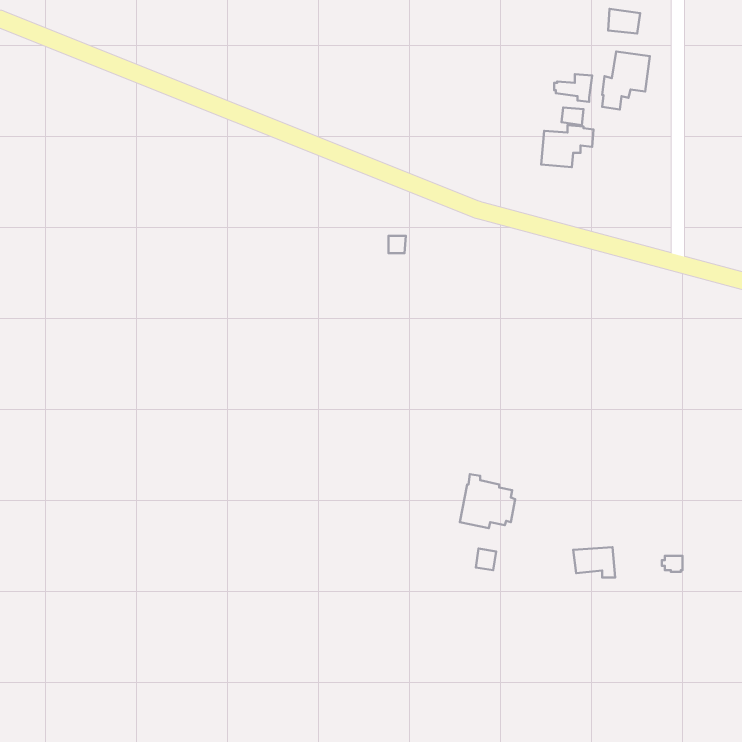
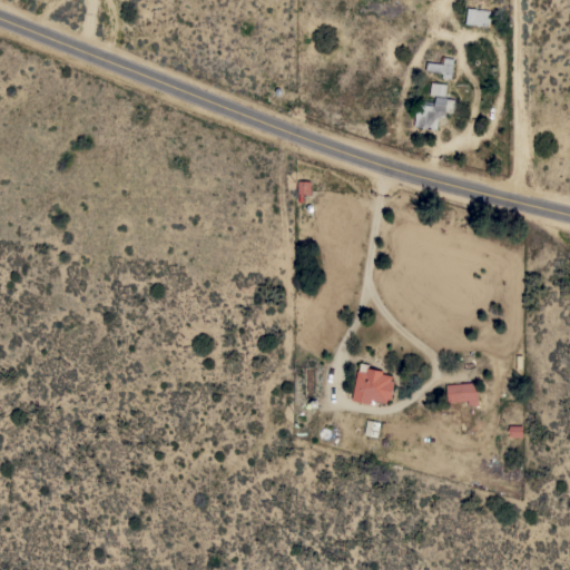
building: [602,51,650,109] -> none
building: [573,547,615,578] -> [446,383,479,406]

